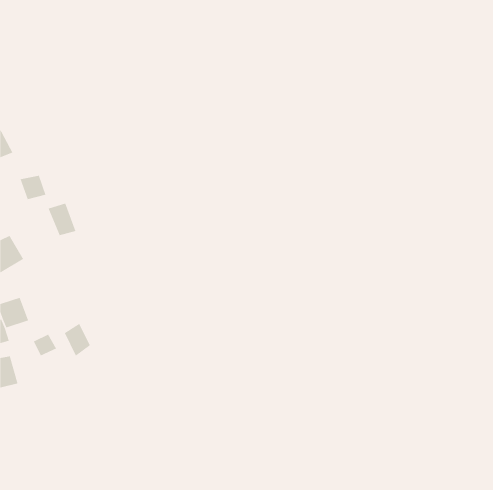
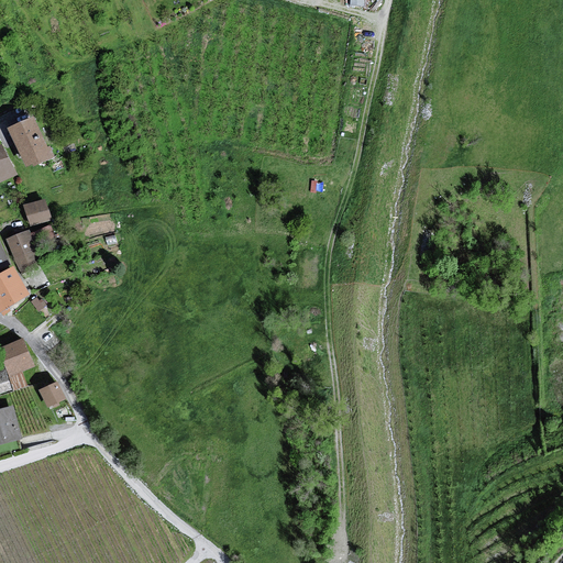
building: none -> [4,115,53,166]
building: [47,202,76,236] -> [5,231,38,269]
building: [64,323,91,357] -> none

